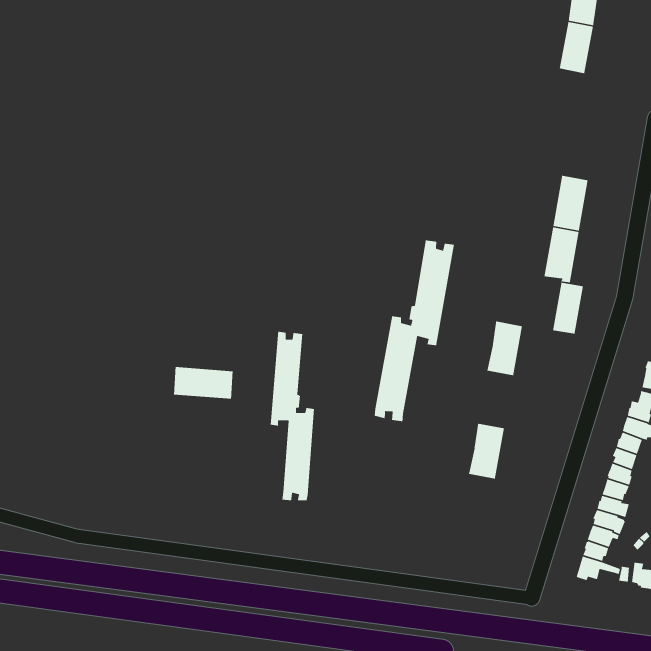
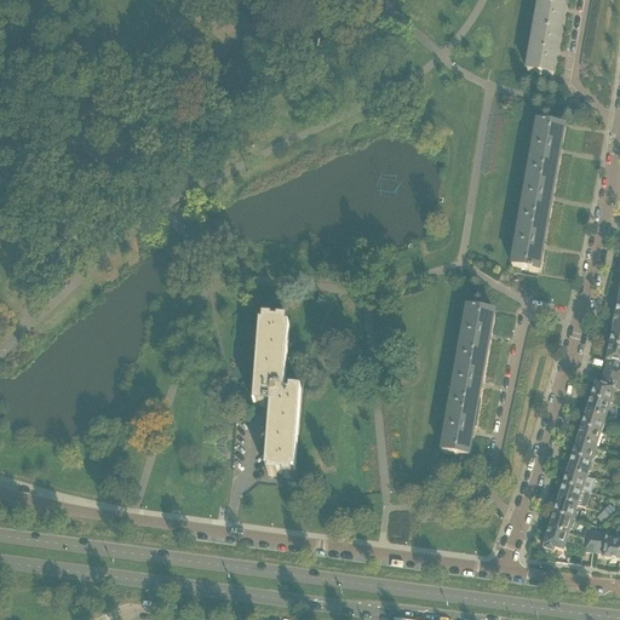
building: none -> [528,116,562,170]
building: [374,239,455,422] -> none
building: [552,282,584,335] -> none
building: [173,366,234,399] -> none
building: none -> [448,349,483,402]

